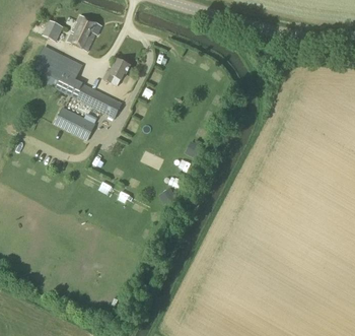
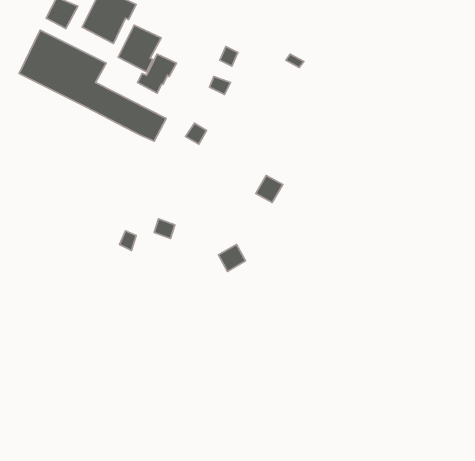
building: none -> [118,25,161,72]
building: [55,107,96,140] -> none

